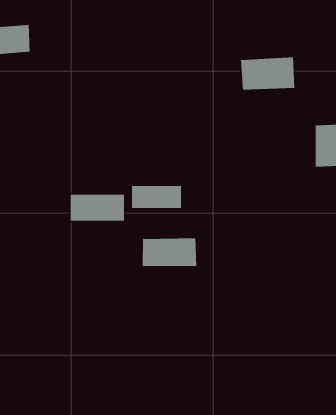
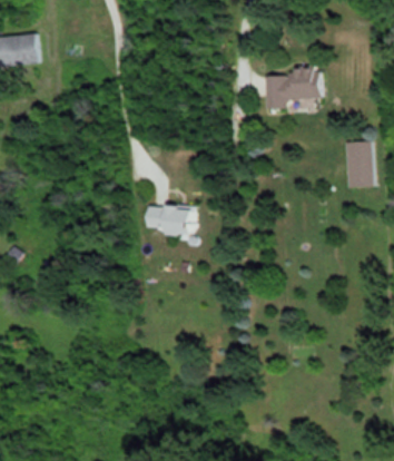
building: [70,194,125,221] -> none
building: [142,238,197,267] -> none

